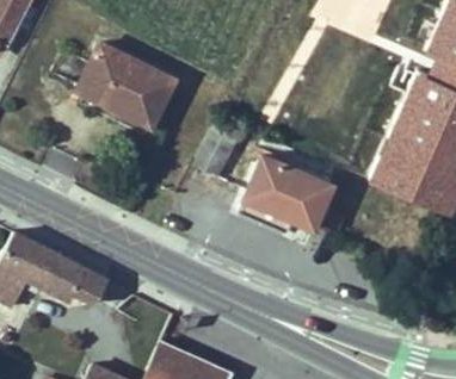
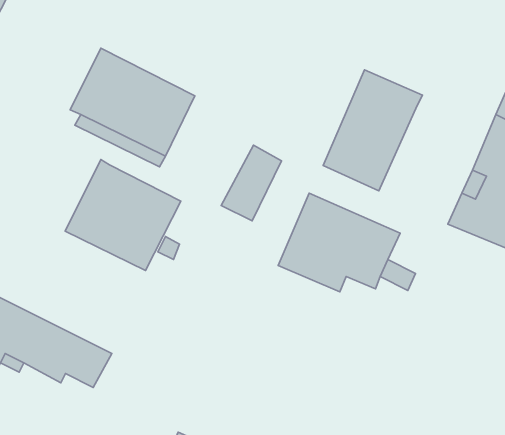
building: none -> [323,70,422,191]
building: none -> [65,160,181,271]

